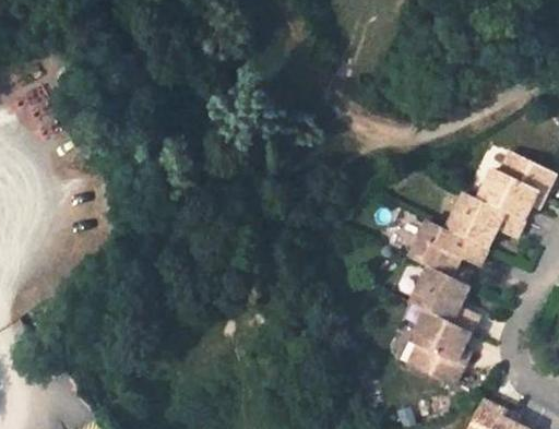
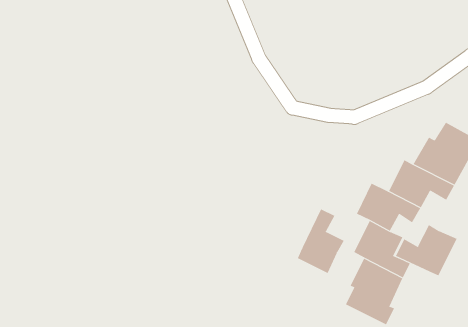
building: none -> [297,208,345,274]
building: none -> [395,224,457,276]

